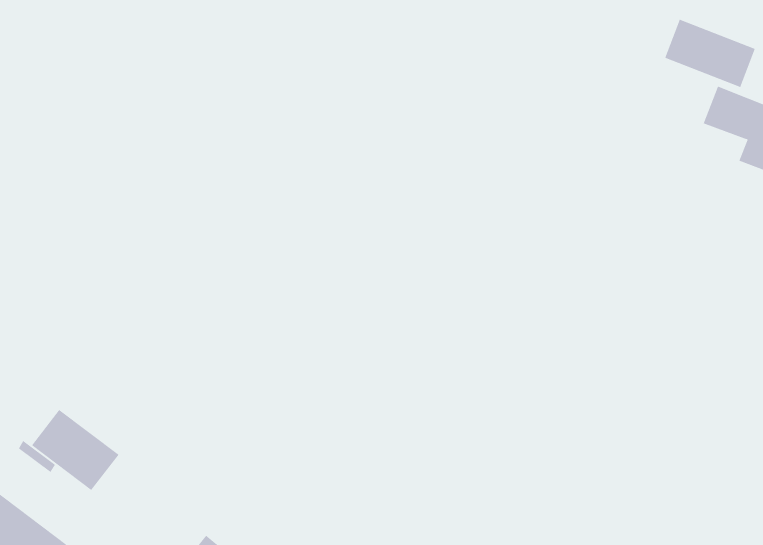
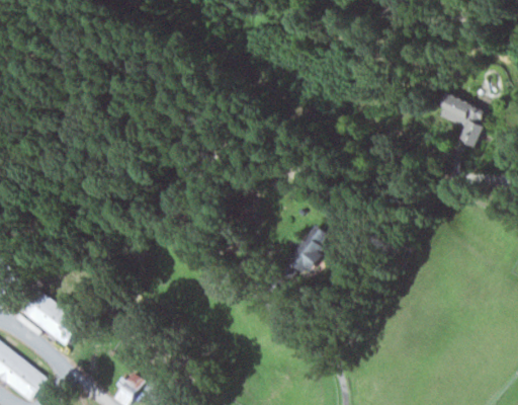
building: [665,19,755,88] -> none
building: none -> [287,223,328,271]

